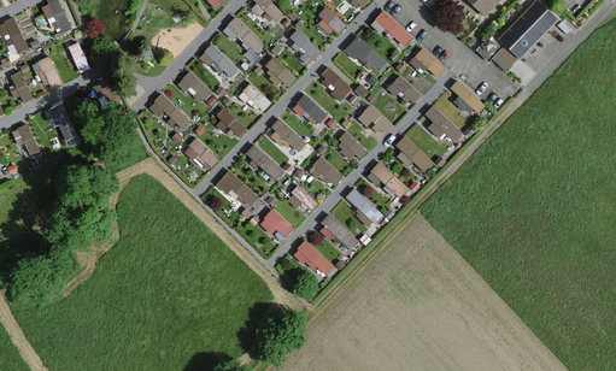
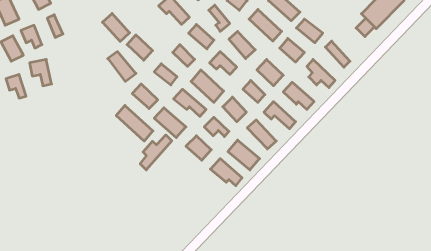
building: [200,42,237,81] -> [102,13,130,41]
building: none -> [116,105,153,141]
building: none -> [140,135,172,170]

